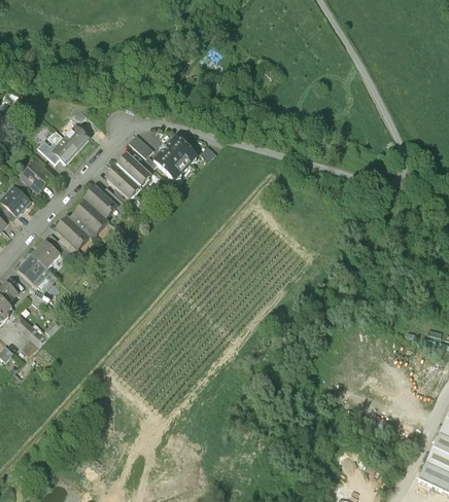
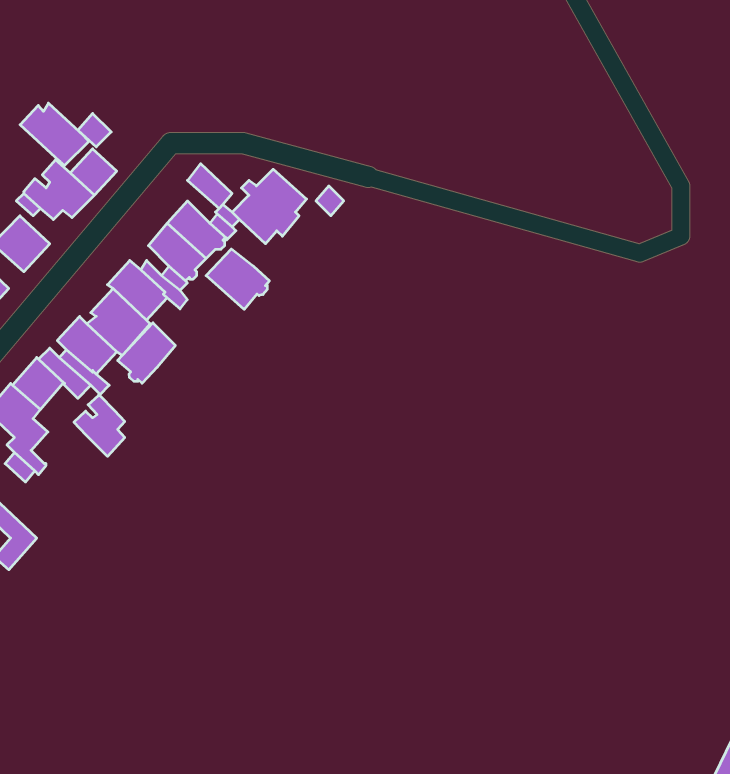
building: none -> [20,103,89,165]
building: none -> [206,249,269,309]
building: none -> [118,323,175,383]
building: none -> [74,395,125,456]

